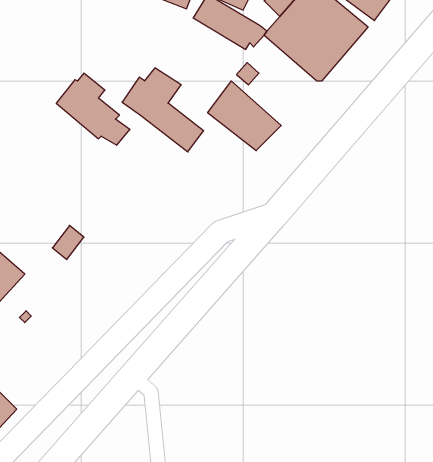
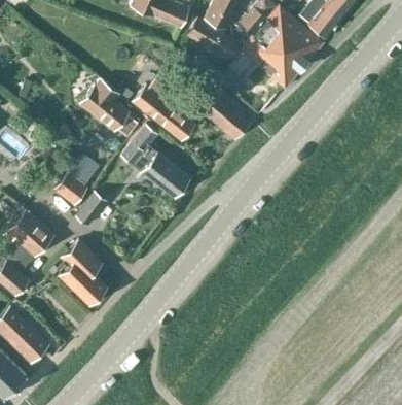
building: none -> [121,124,190,198]
building: none -> [54,153,101,203]
building: none -> [59,239,106,304]

